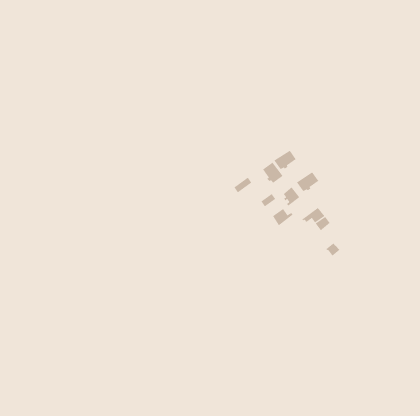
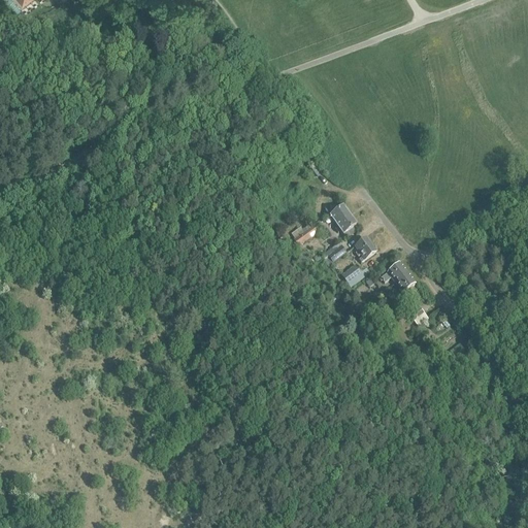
building: [274,150,297,170] -> none
building: [296,171,319,192] -> none

